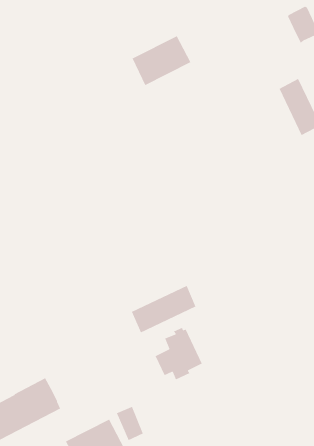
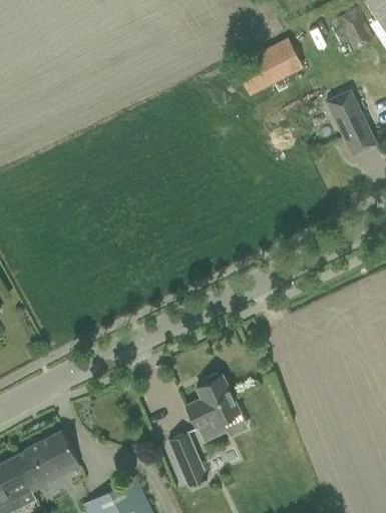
building: [132,35,191,86] -> [235,39,303,97]
building: [131,285,197,334] -> none
building: [116,406,144,441] -> [168,434,201,474]

